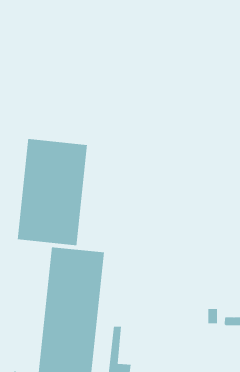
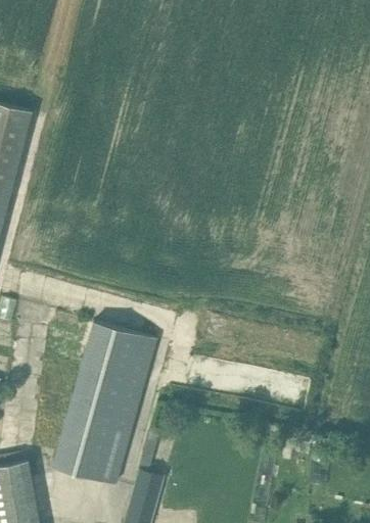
building: [17,138,88,246] -> none

